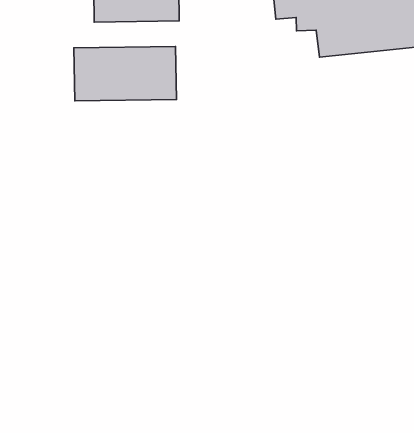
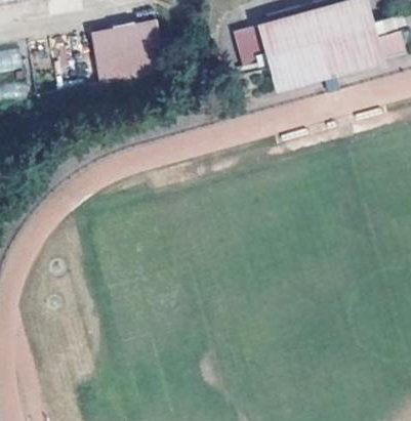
building: [74,46,177,101] -> none

